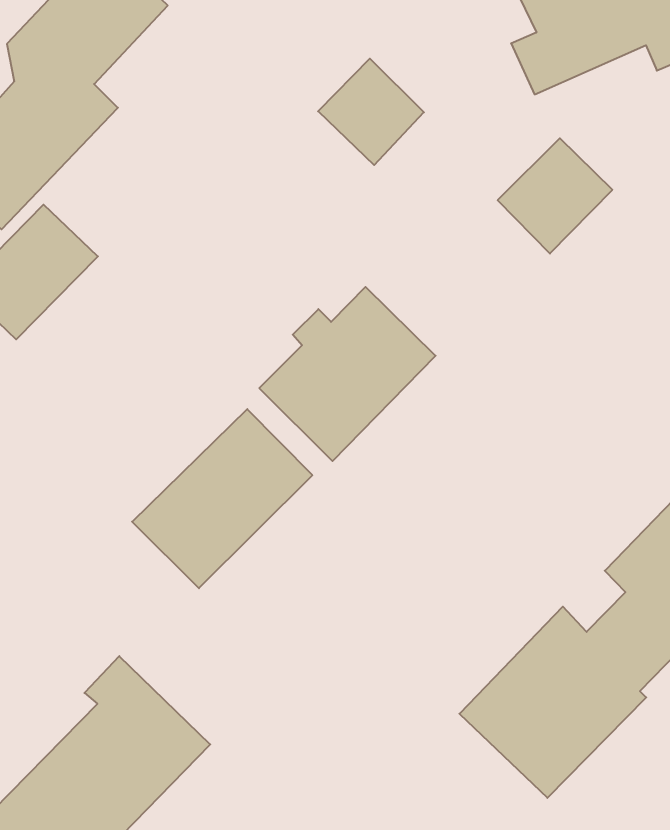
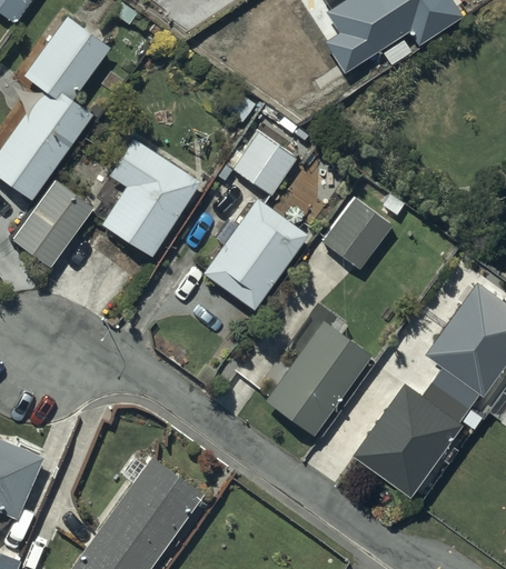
building: [318,59,424,165] -> [234,132,298,197]
building: [498,138,612,254] -> [321,198,390,269]
building: none -> [101,139,200,258]
building: [132,409,312,588] -> [265,323,370,437]

